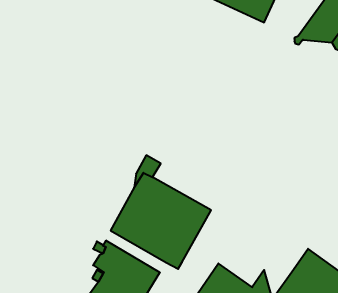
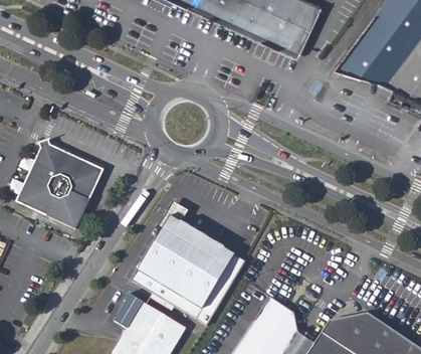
building: none -> [20,142,107,228]
building: none -> [250,291,300,345]

